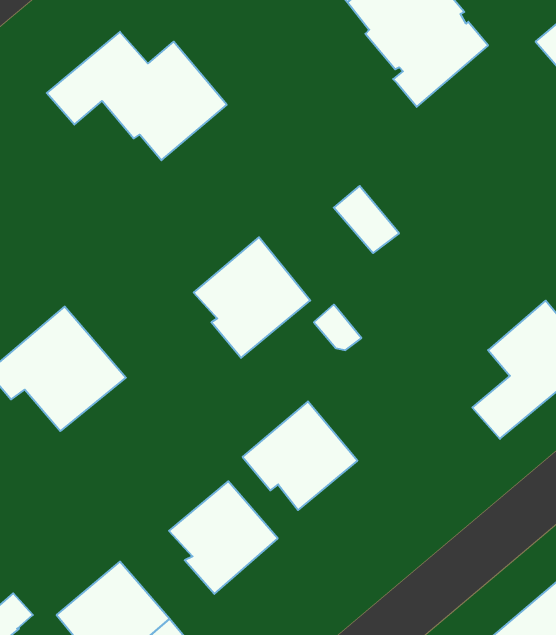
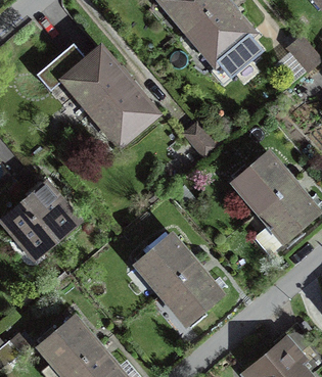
building: [194,237,310,358] -> [94,81,154,143]
building: none -> [233,152,292,207]
building: [169,481,278,594] -> [165,265,221,323]

